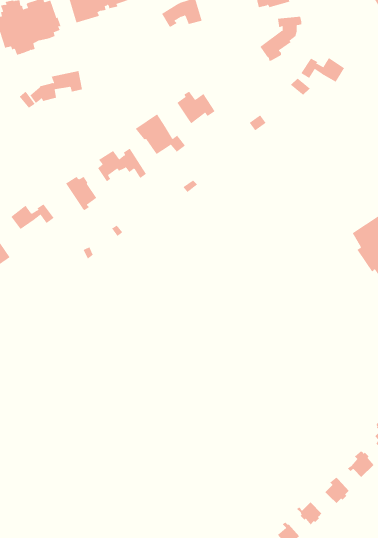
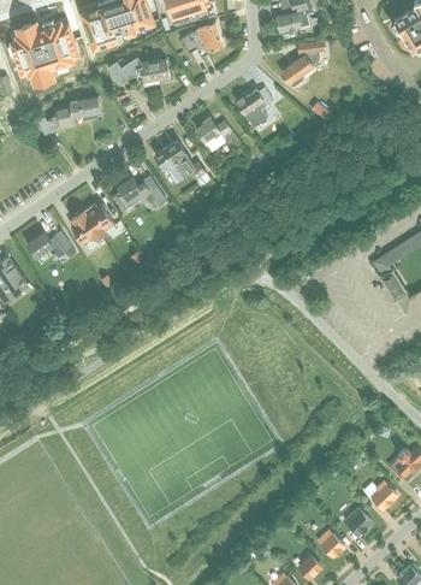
building: none -> [108,57,168,81]
building: [301,57,345,82] -> none
building: none -> [232,87,272,126]
building: none -> [71,208,101,244]

